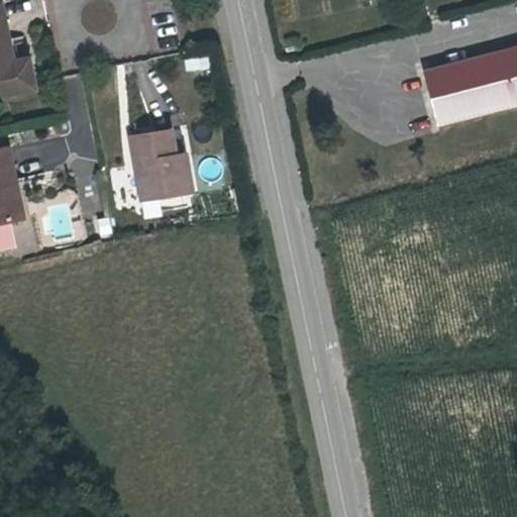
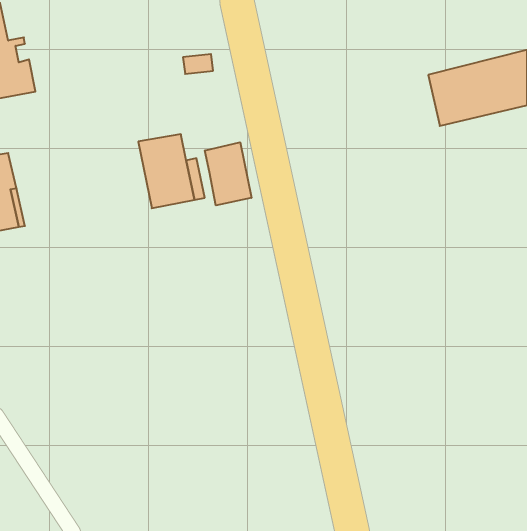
building: none -> [205,142,251,205]

